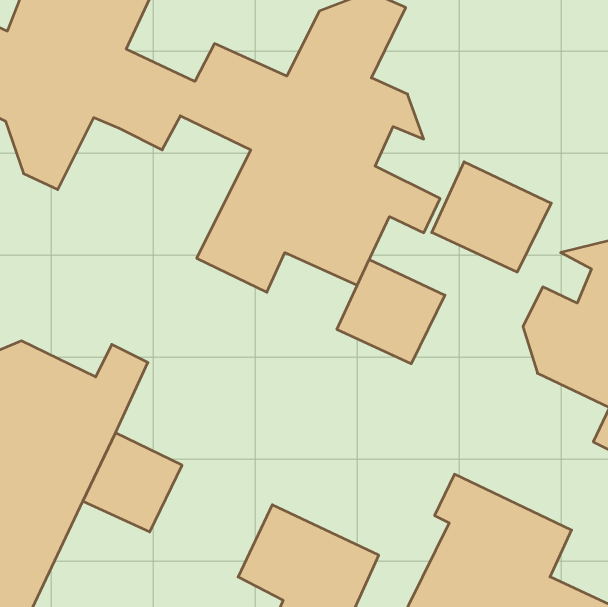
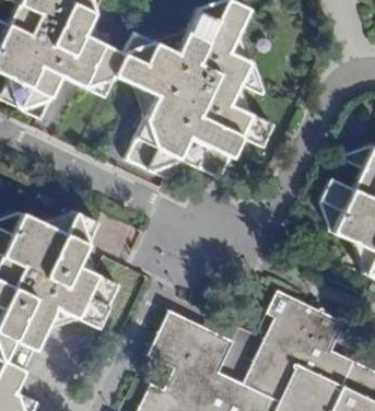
building: [432,162,551,272] -> none
building: [337,259,445,364] -> none

